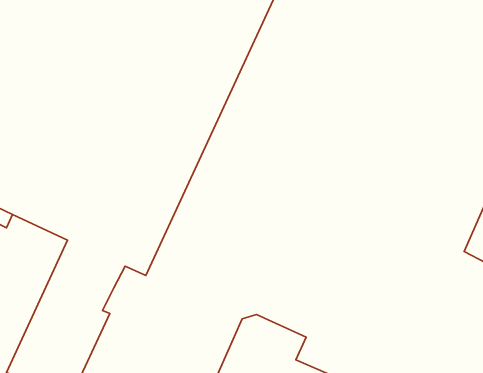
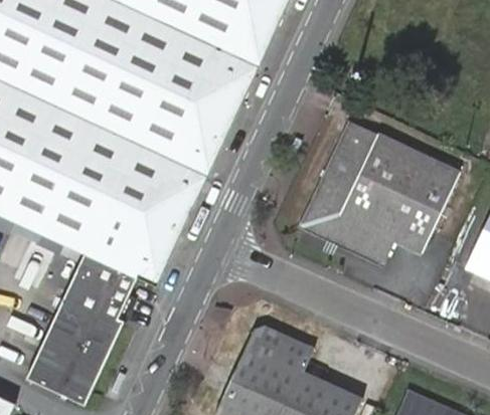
building: none -> [304,123,460,262]

